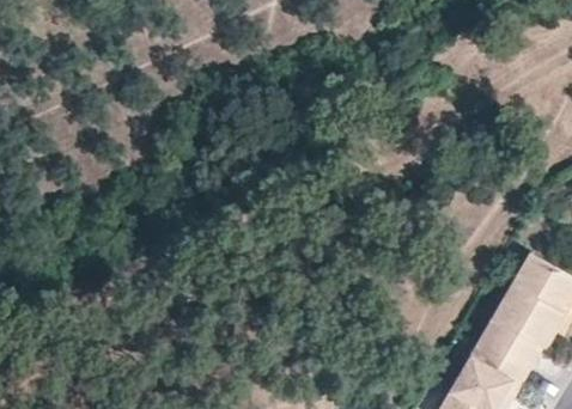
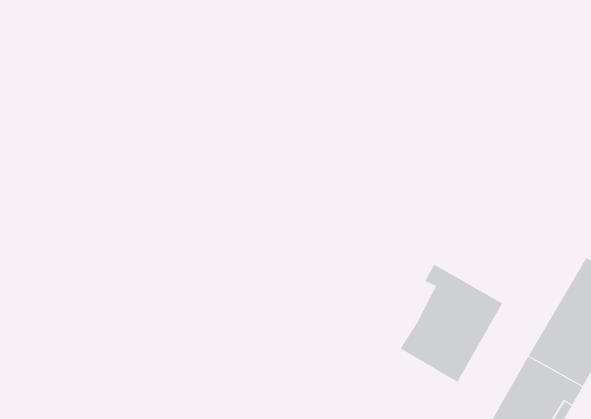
building: none -> [400,264,503,383]

